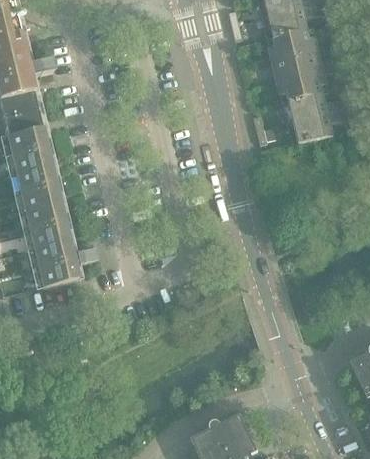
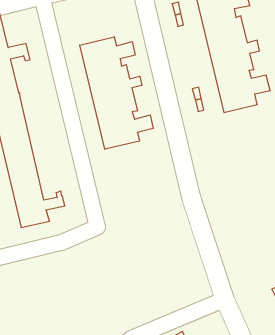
building: none -> [80,37,153,149]

